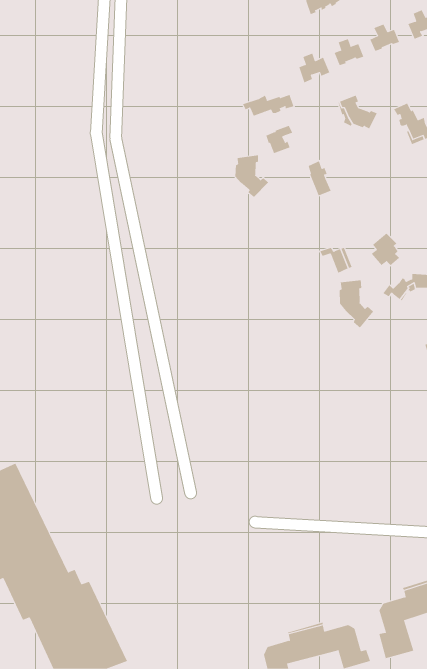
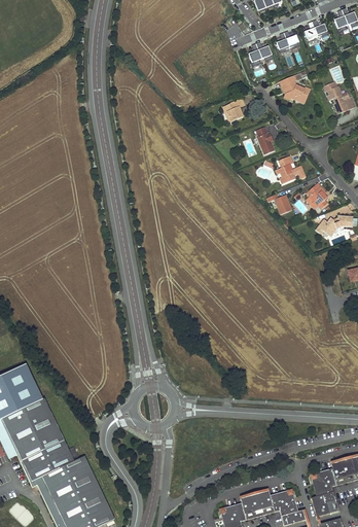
building: [242,94,294,117] -> none
building: [235,154,269,198] -> none
building: none -> [279,155,306,183]
building: [339,279,374,329] -> none

